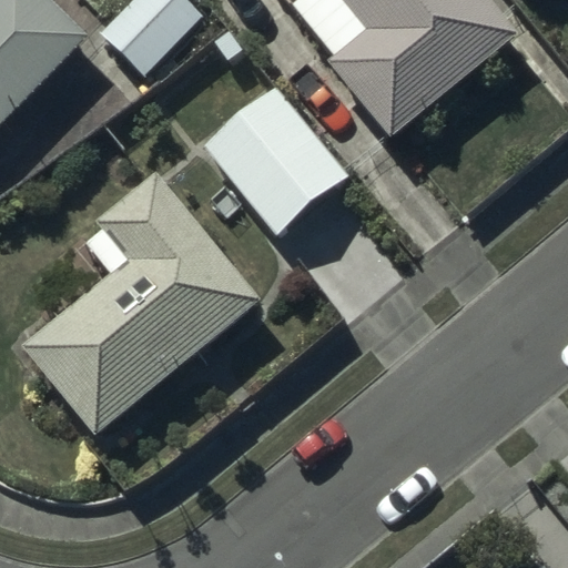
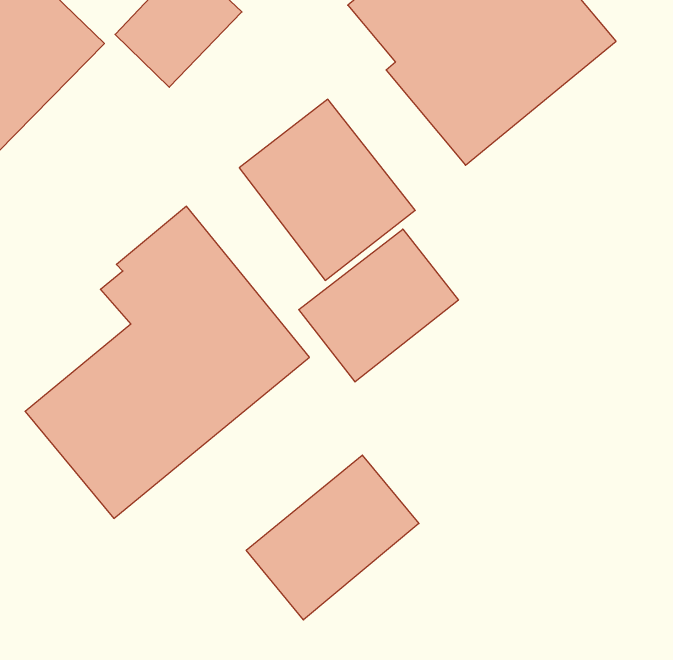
building: none -> [299,229,458,382]
building: none -> [246,455,419,620]

